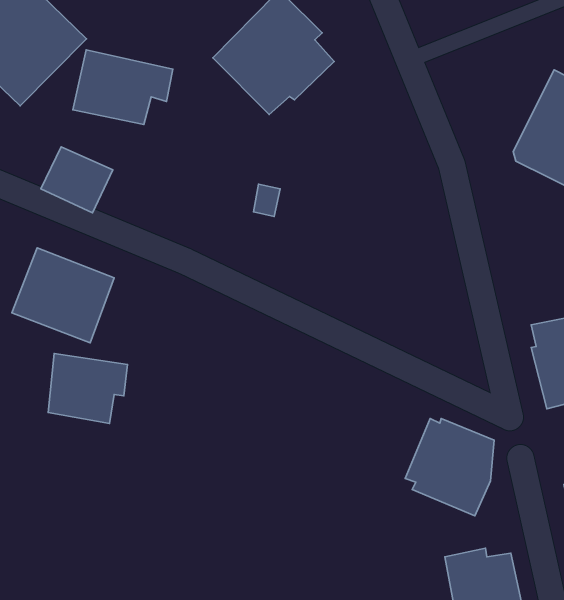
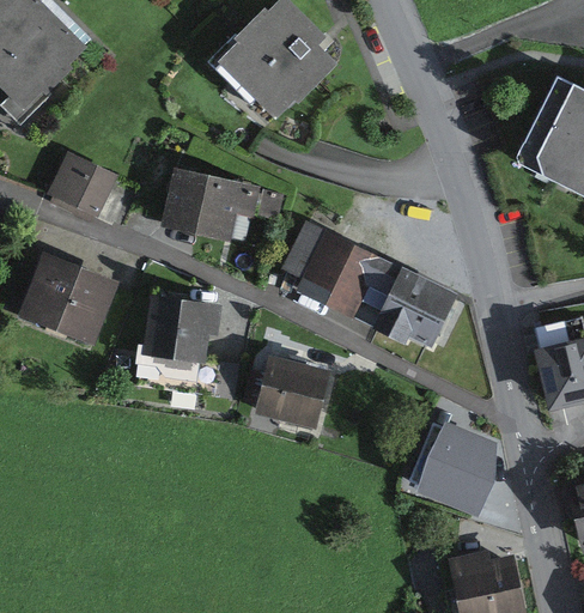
building: [73,50,173,124] -> [160,168,260,242]
building: none -> [282,220,457,348]
building: none -> [255,354,330,429]
building: [48,354,128,423] -> [144,295,223,364]

